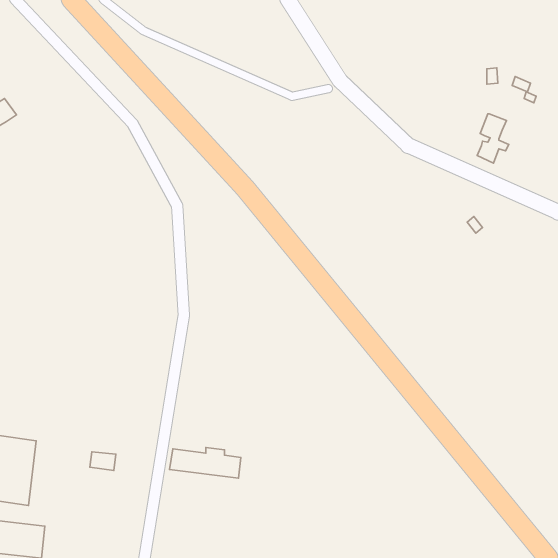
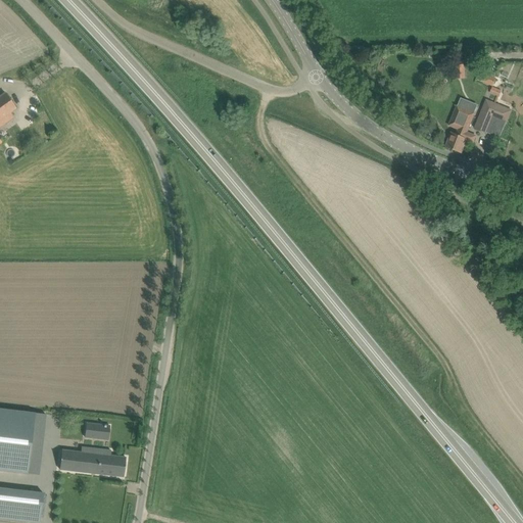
building: none -> [474,100,510,136]
building: [170,448,241,478] -> [58,447,125,476]

